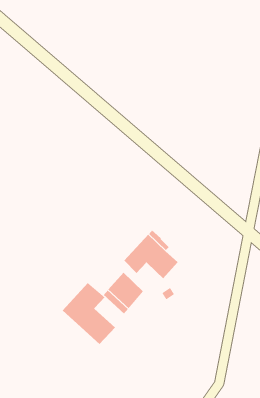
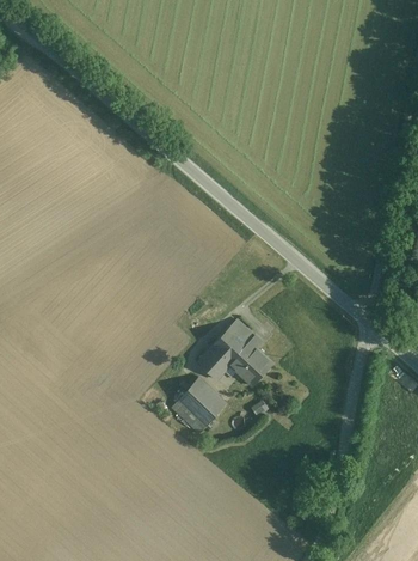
building: [62,282,116,345] -> none

